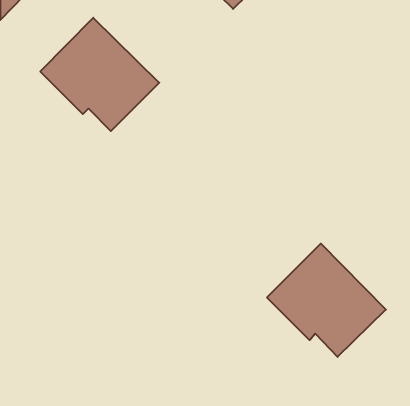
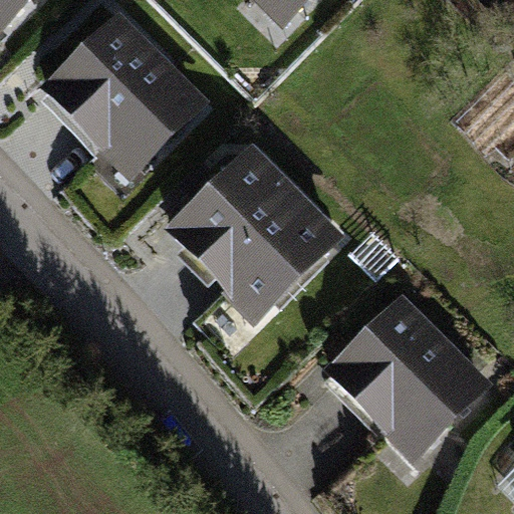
building: none -> [177,157,334,314]

